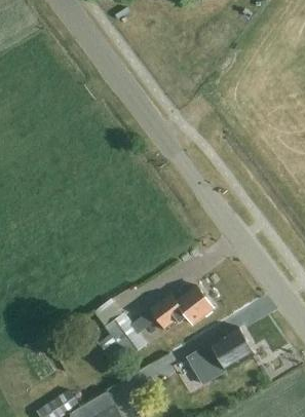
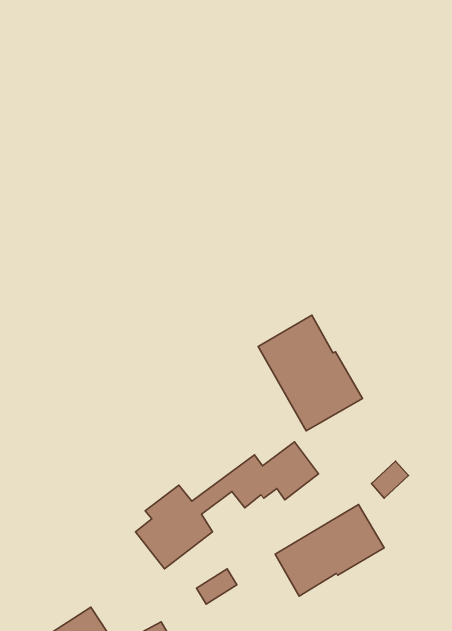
building: none -> [258,315,363,431]

